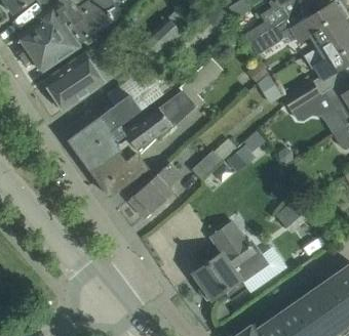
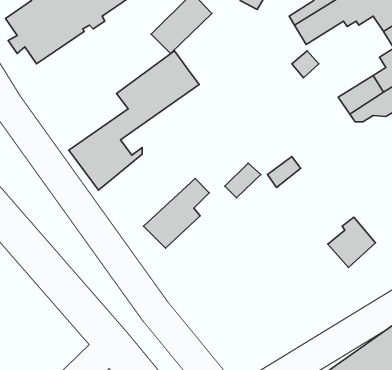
building: [45,55,104,110] -> none
building: [92,56,223,197] -> none
building: [194,222,269,300] -> none

